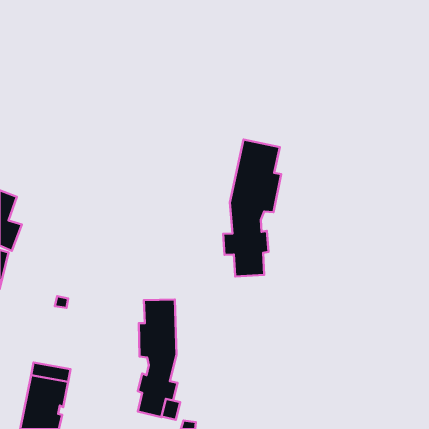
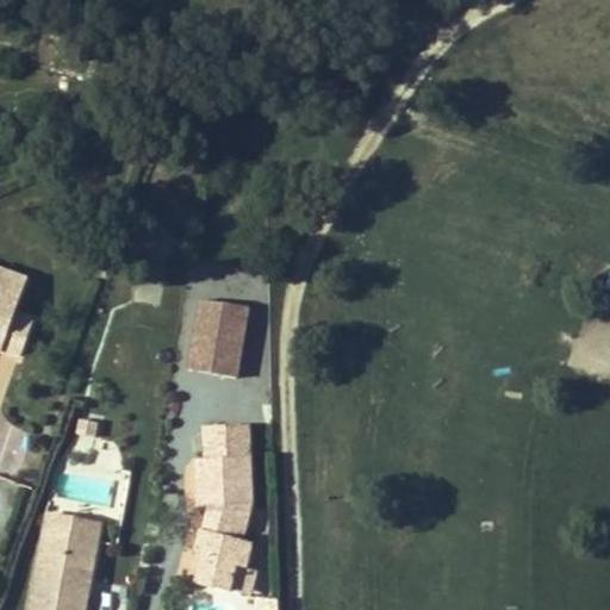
building: [223,140,281,276] -> none
building: none -> [188,300,248,378]

